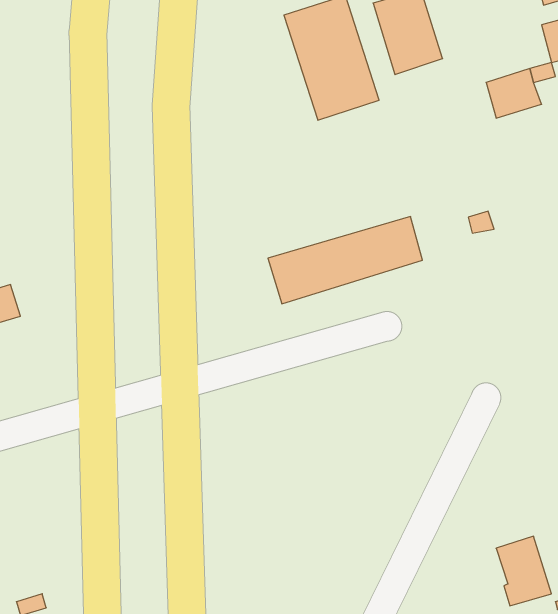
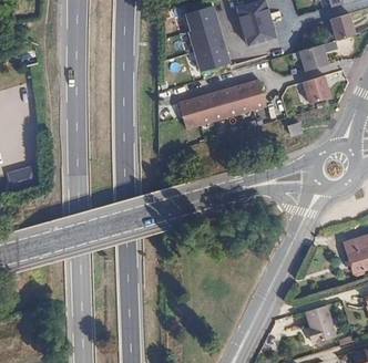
building: none -> [301,76,329,104]
building: [268,217,422,304] -> [177,83,264,132]

